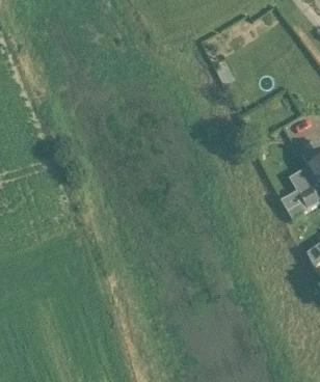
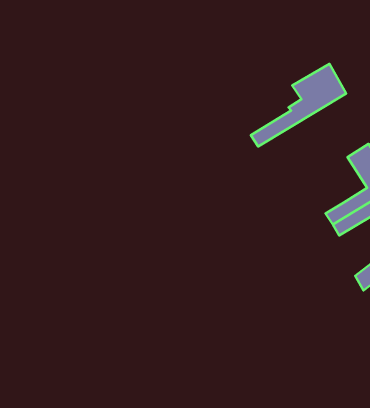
building: none -> [251,64,346,146]

